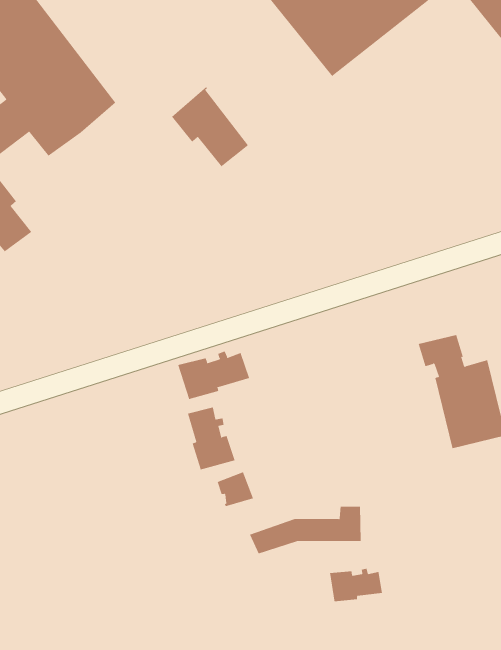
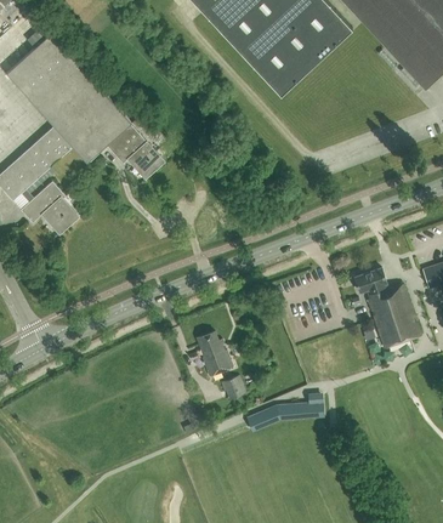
building: [171,86,249,167] -> [108,123,164,178]
building: [177,351,250,400] -> none
building: [330,568,382,602] -> none

